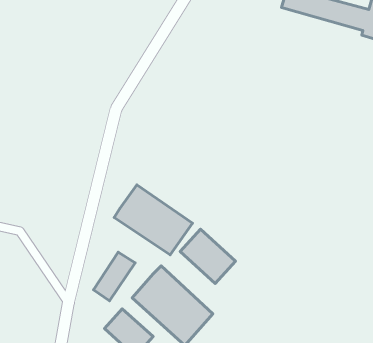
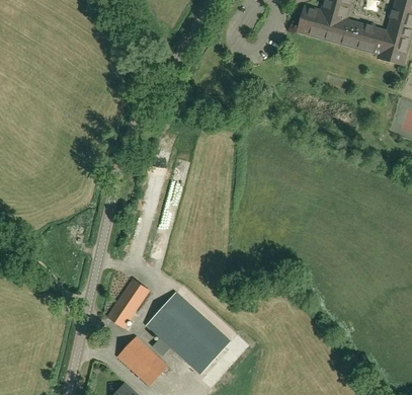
building: [114,185,193,255] -> none
building: [180,229,236,283] -> none

